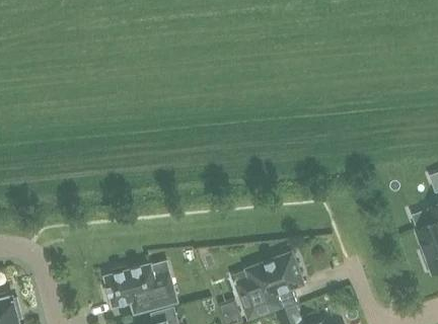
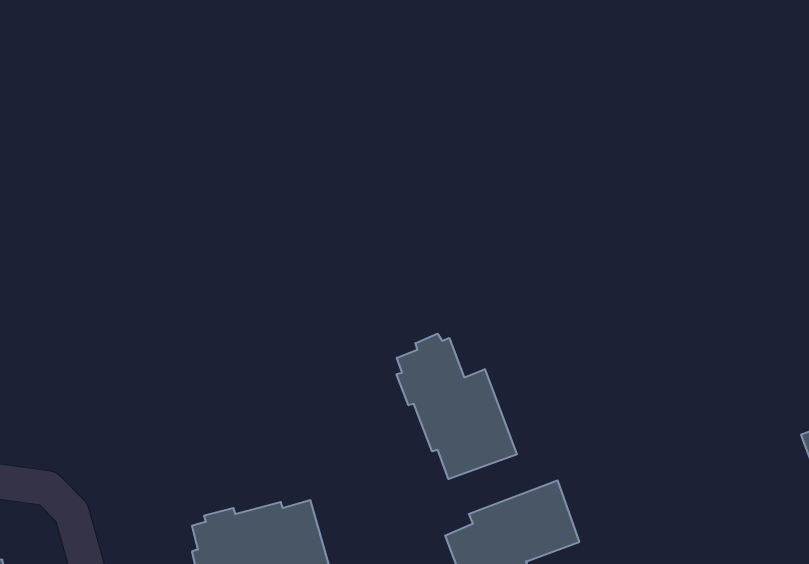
building: none -> [397,334,517,479]

